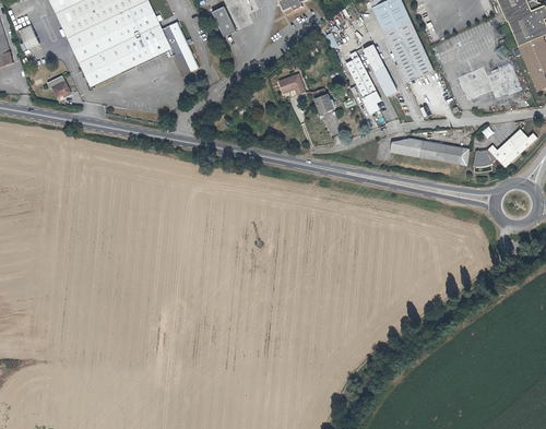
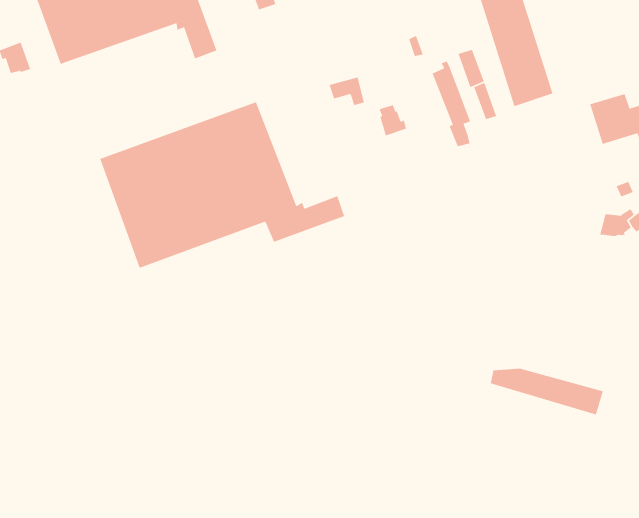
building: none -> [99,101,345,269]
building: [391,138,470,165] -> [490,368,604,416]

